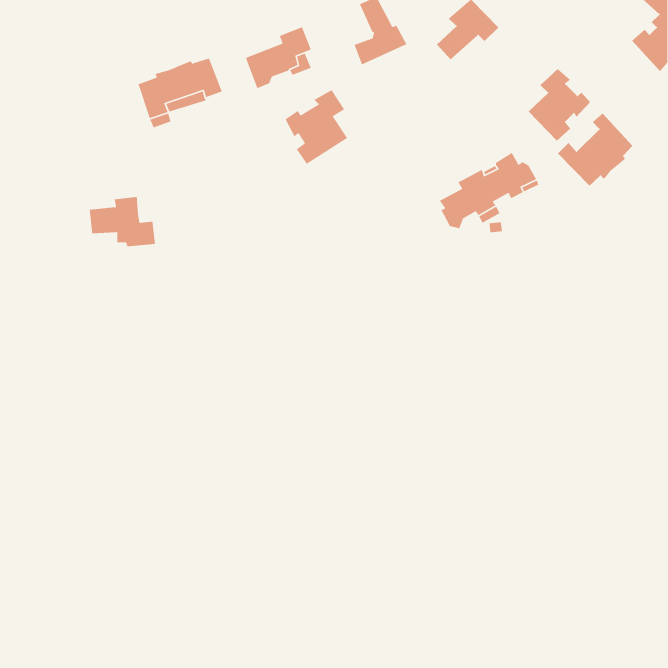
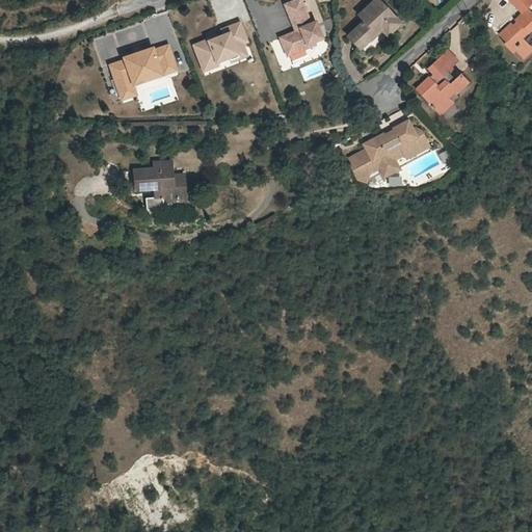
building: [284,89,348,165] -> none
building: [557,112,633,187] -> none
building: [89,196,156,247] -> [134,161,187,202]

